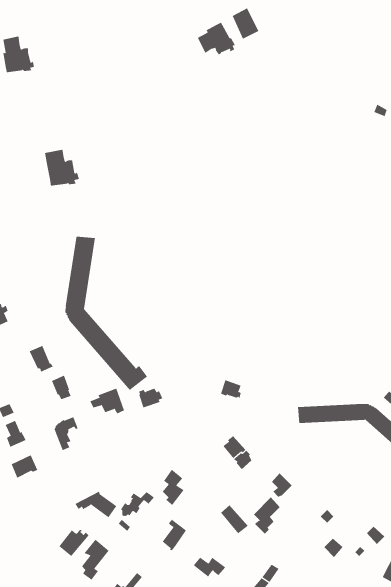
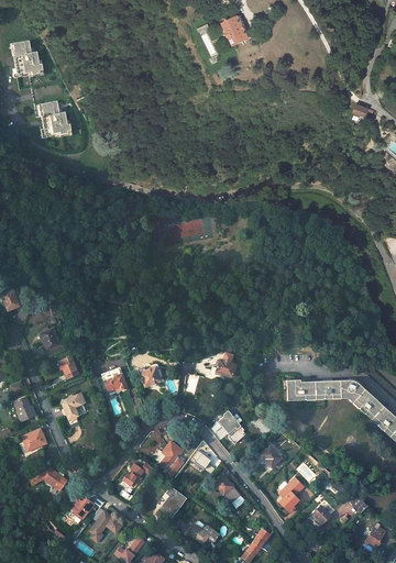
building: [197,22,236,55] -> none
building: [44,149,80,186] -> [40,102,73,136]
building: [65,236,148,391] -> none
building: [74,491,117,518] -> [28,465,67,490]
building: [253,497,280,535] -> [278,477,304,512]

